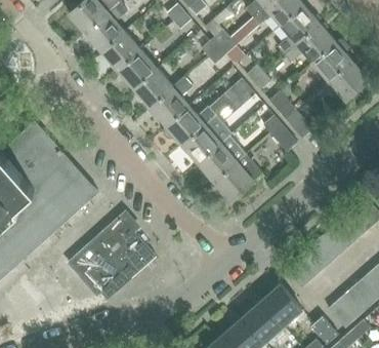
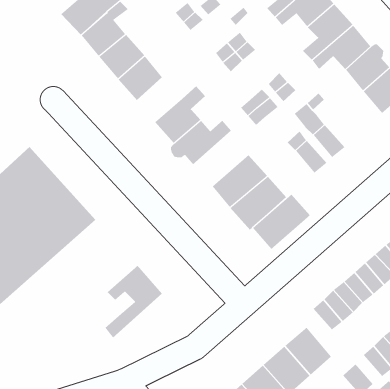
building: [133,69,172,108] -> none
building: [181,115,231,163] -> [252,194,311,250]
building: [68,210,139,294] -> none

